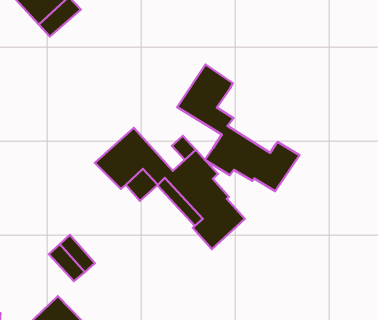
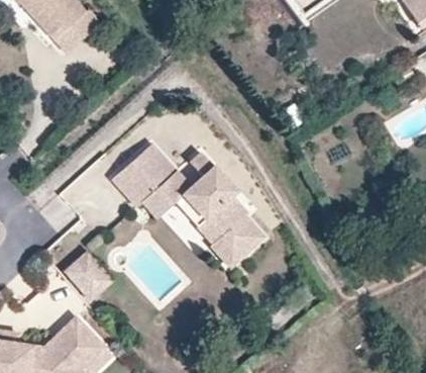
building: [177,65,299,191] -> none

